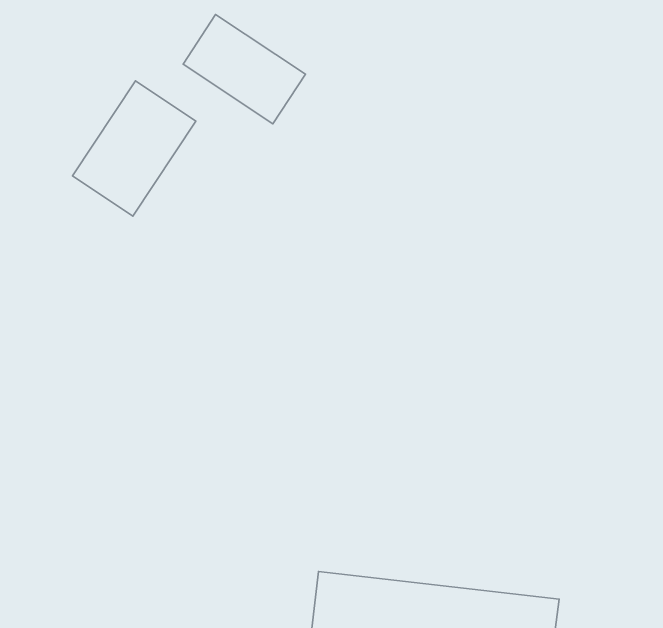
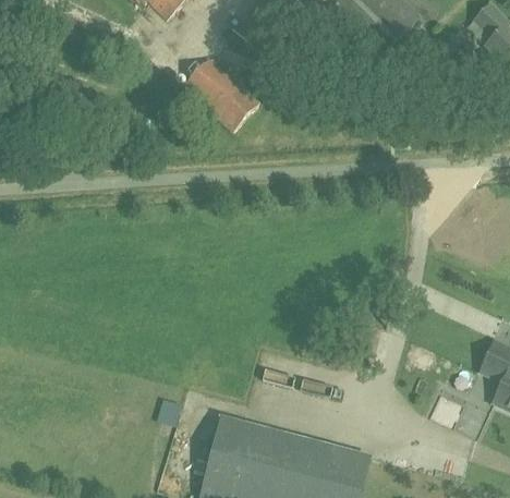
building: [73,81,196,216] -> none

